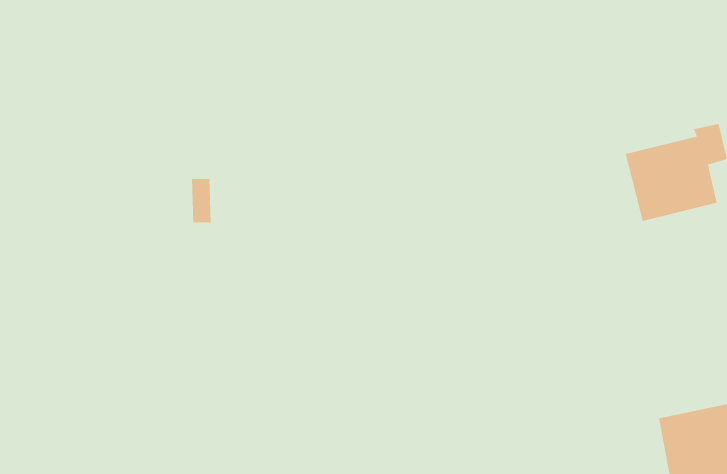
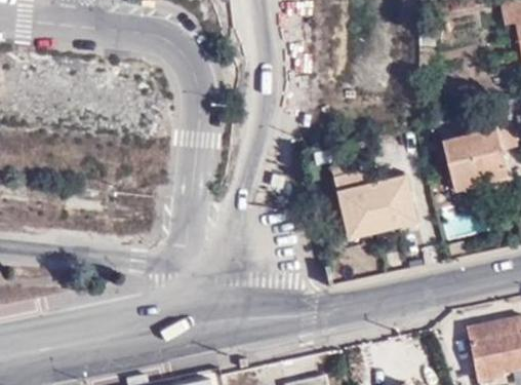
building: none -> [340,177,419,235]

